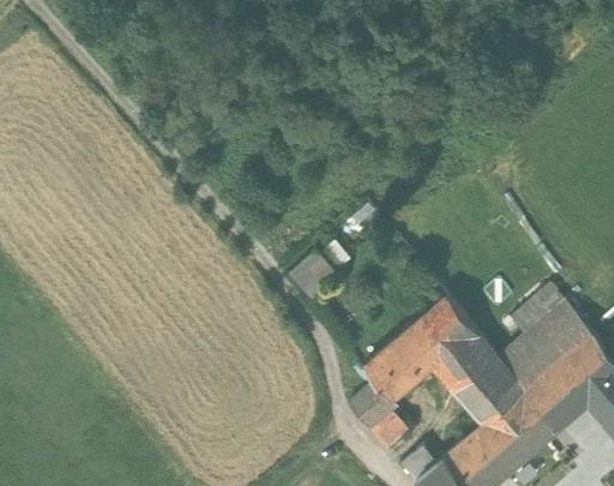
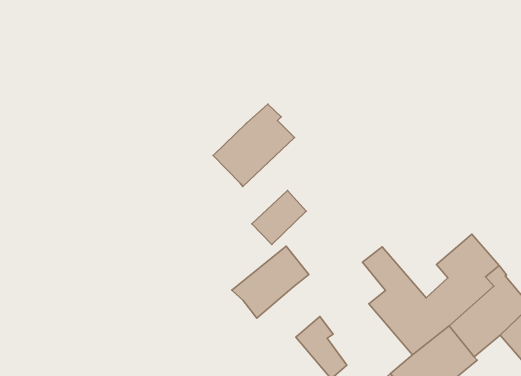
building: none -> [213,104,295,186]
building: [361,317,450,400] -> [232,246,309,318]

